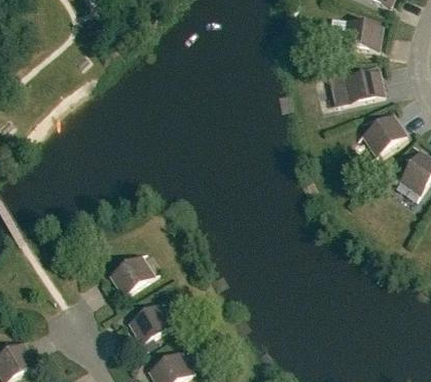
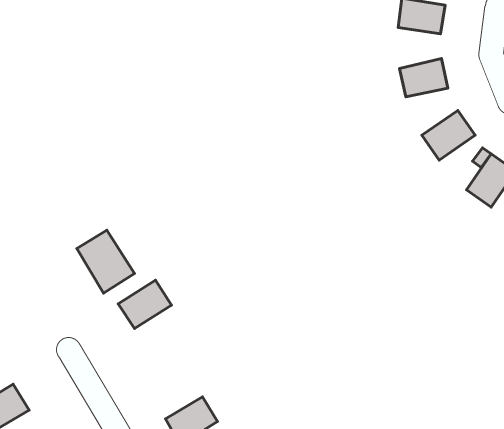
building: none -> [77,230,134,293]
building: [127,303,171,343] -> none

